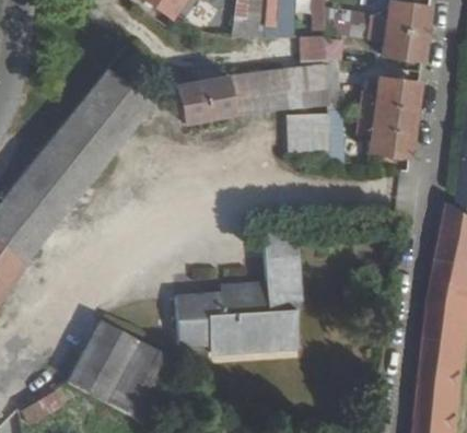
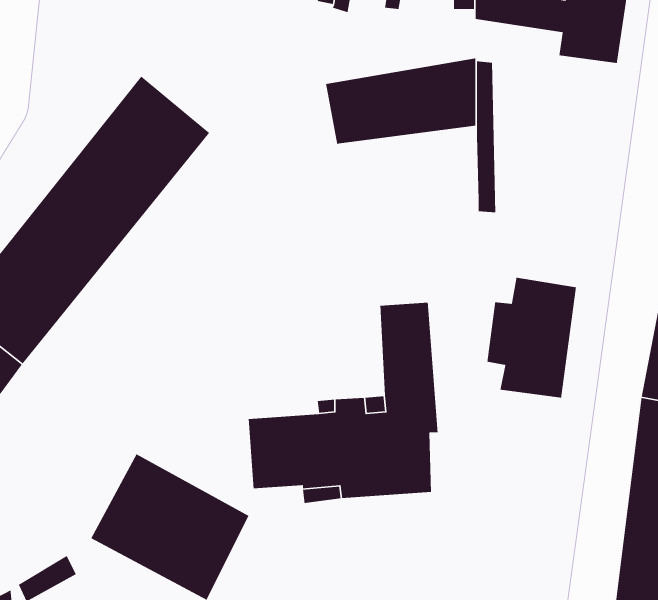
building: [179,75,235,125] -> none
building: [360,79,420,160] -> [486,277,577,398]
building: [291,110,329,153] -> none

